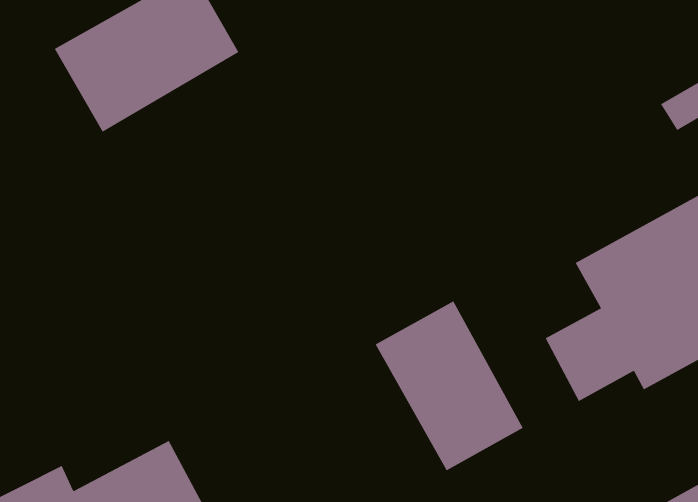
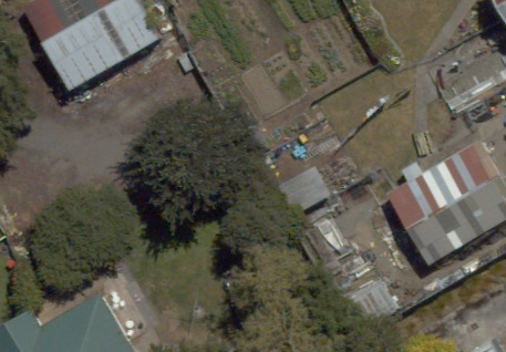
building: [375,301,523,471] -> none

